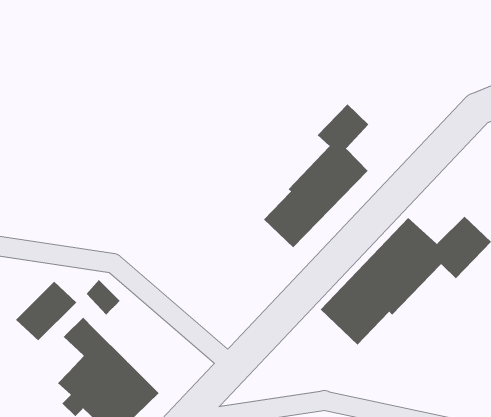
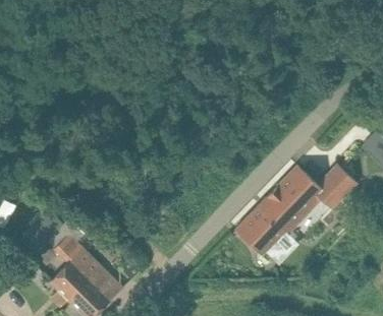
building: [263,103,369,248] -> none

